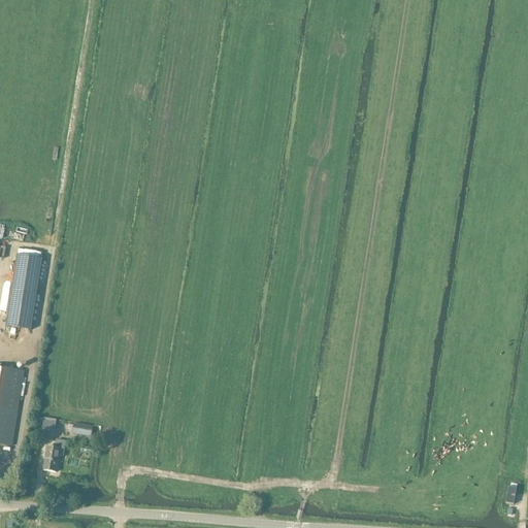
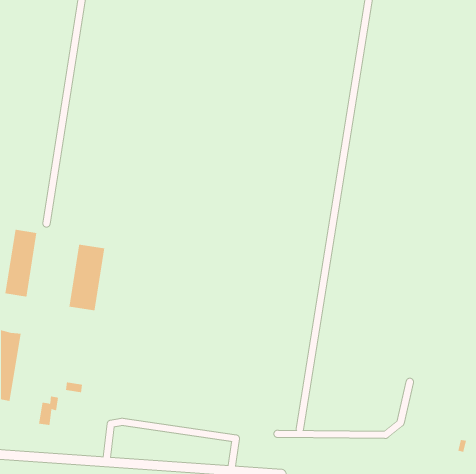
building: none -> [69,244,105,311]

